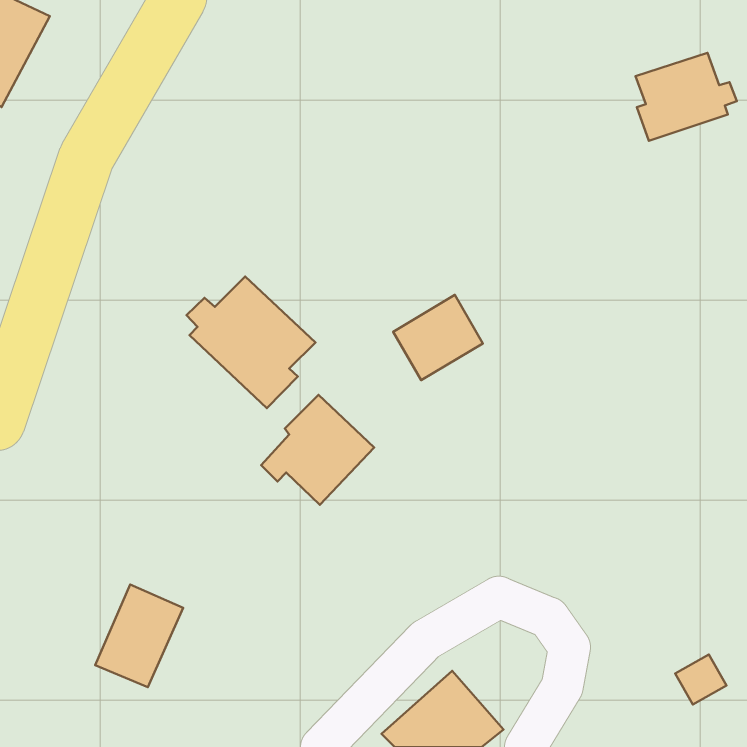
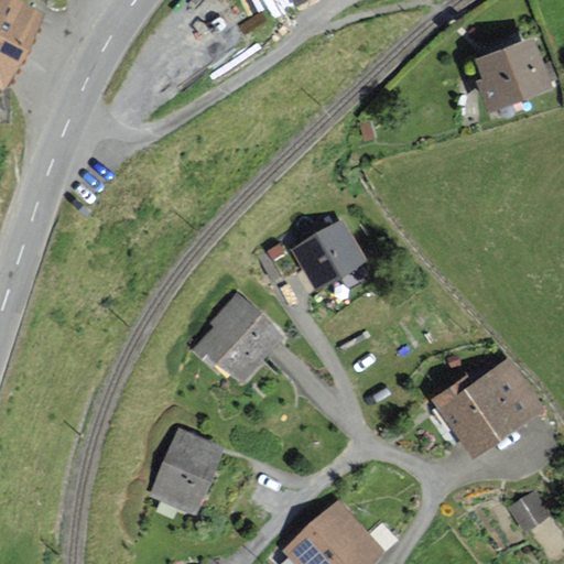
building: [186,277,315,408] -> none
building: none -> [434,361,538,451]
building: [95,584,183,687] -> [153,431,219,508]

